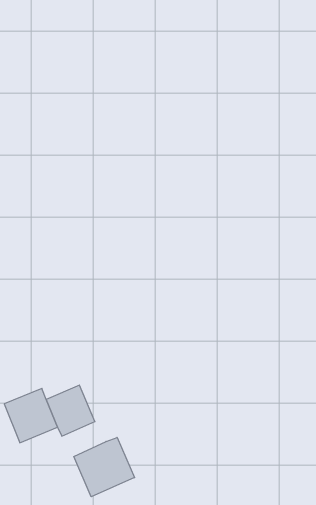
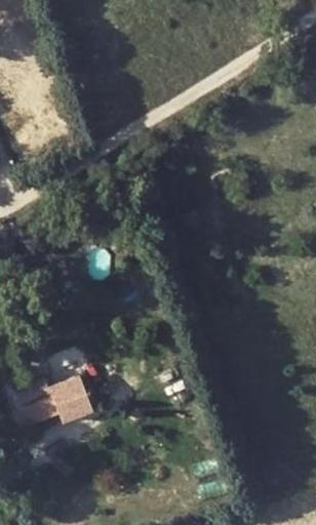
building: [74,437,135,497] -> none

